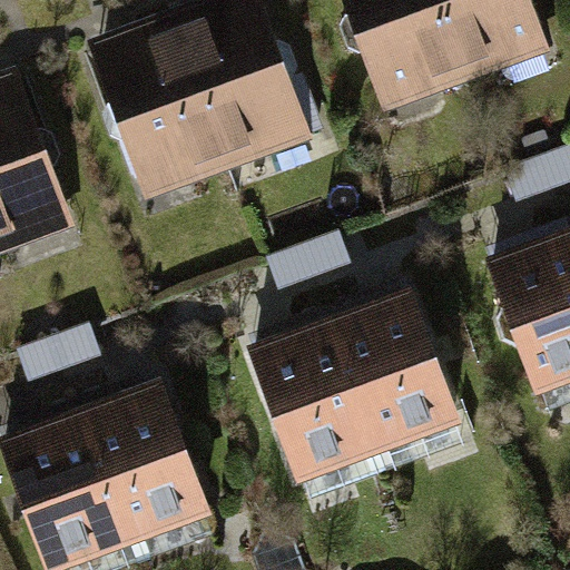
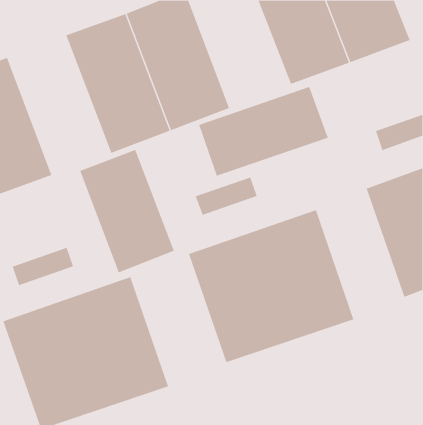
building: none -> [199,86,329,176]
building: none -> [80,149,174,273]

